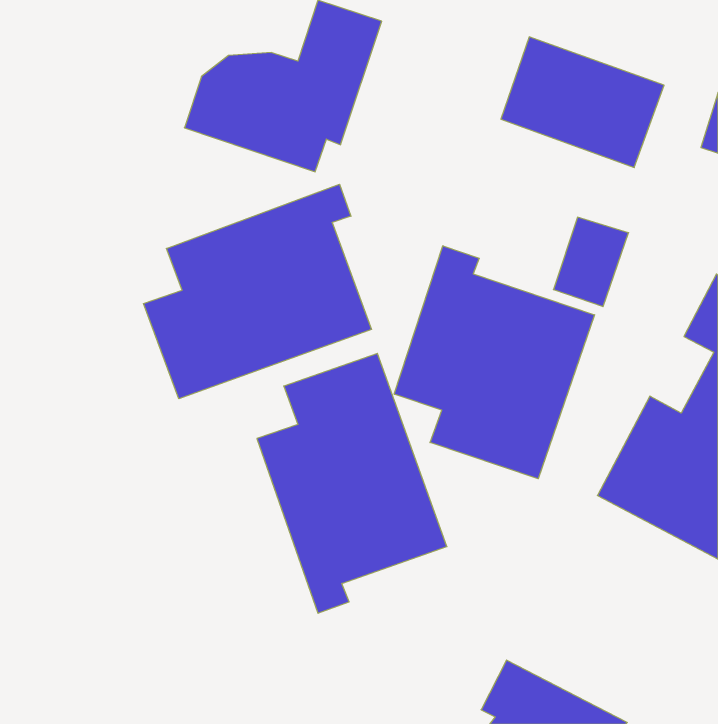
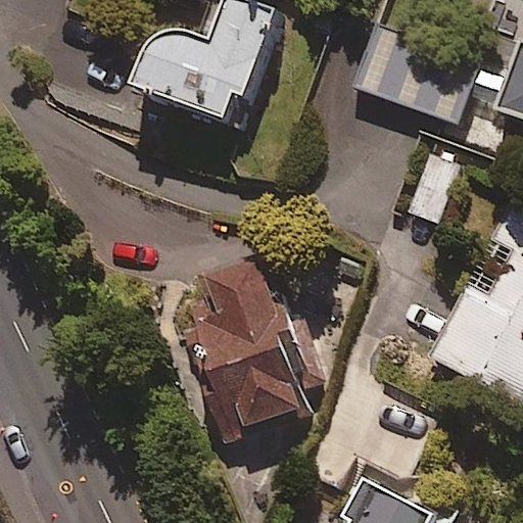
building: [144,184,372,399] -> none
building: [394,246,595,479] -> none

